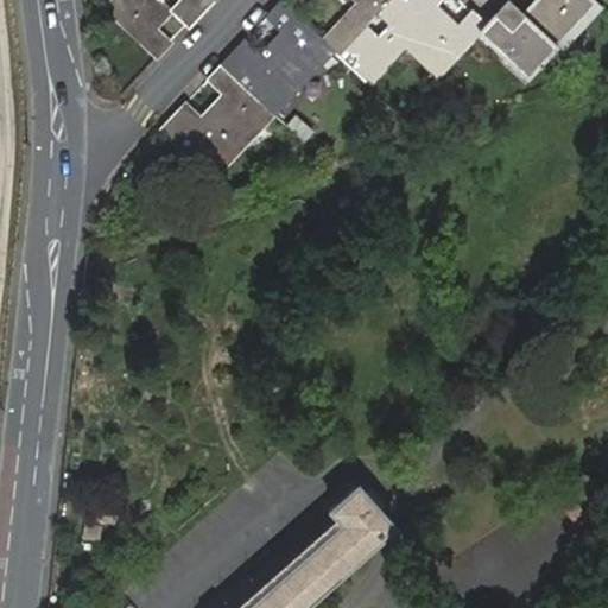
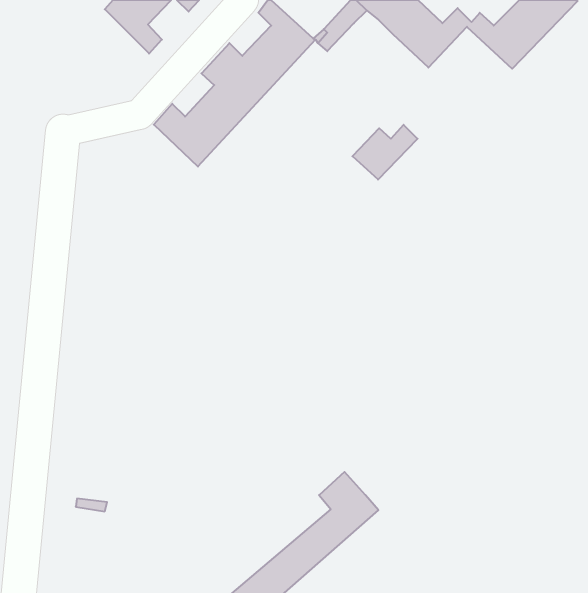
building: [341,23,407,78] -> [352,125,418,180]

